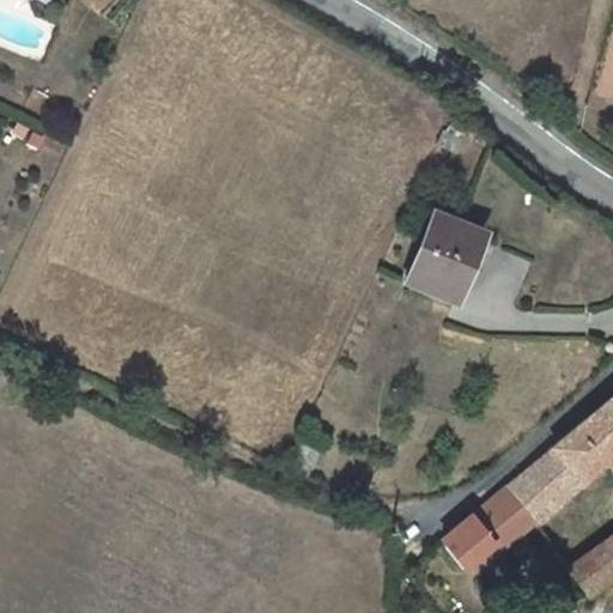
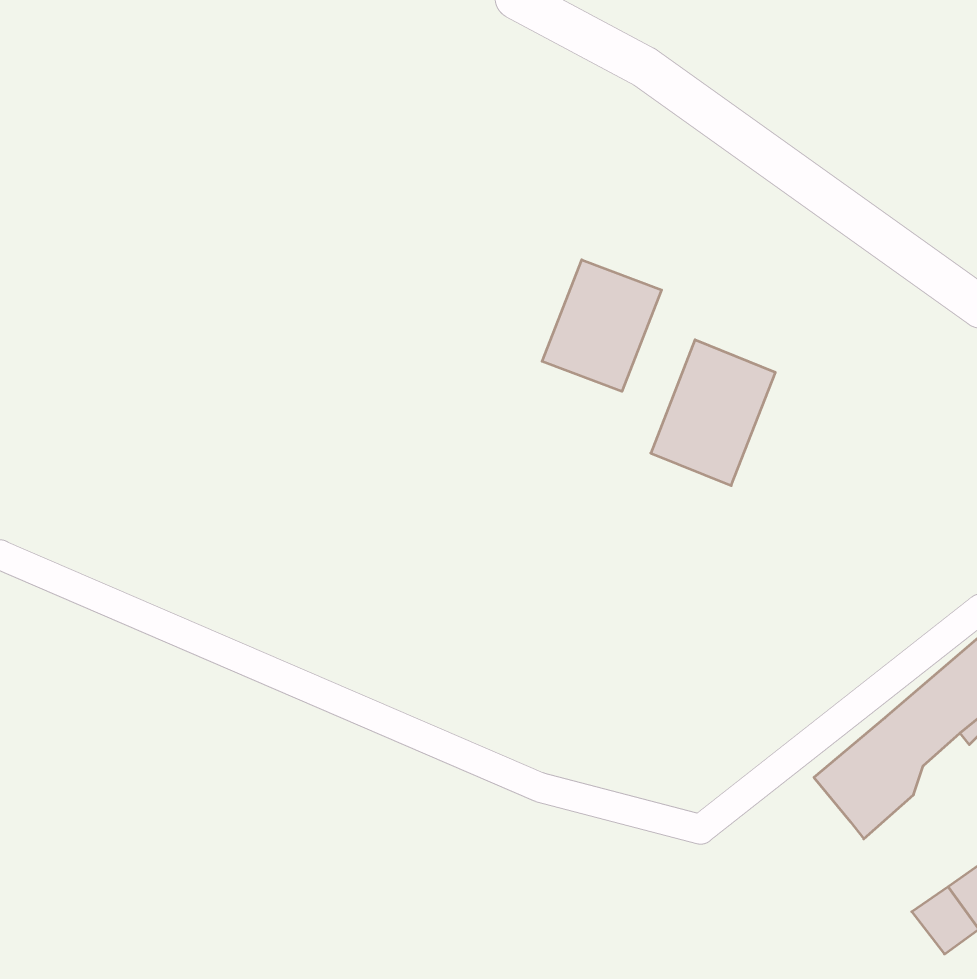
building: none -> [542,260,662,391]
building: [444,485,533,569] -> none

